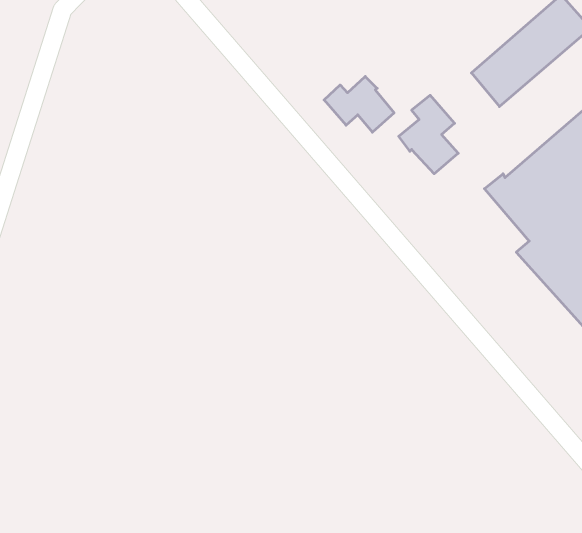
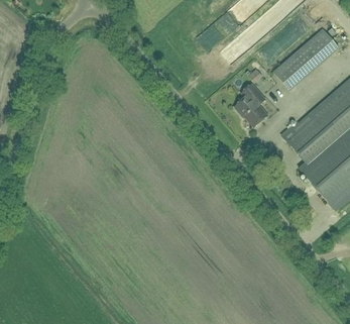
building: [324,76,394,132] -> none

